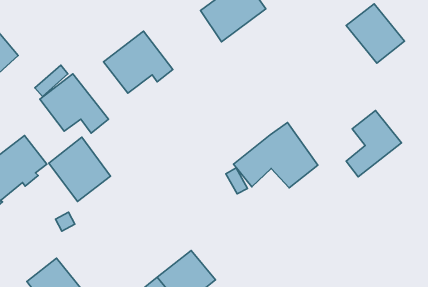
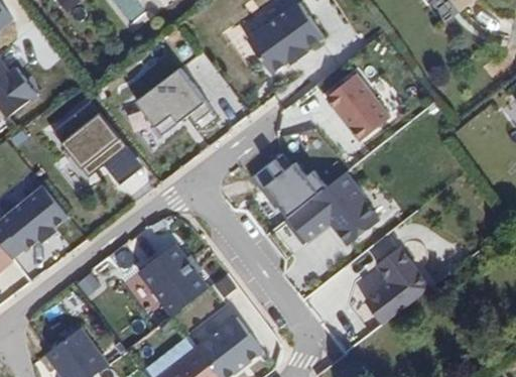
building: [346,4,404,63] -> [324,72,391,140]
building: [346,111,402,177] -> [365,243,429,320]
building: none -> [250,155,326,217]
building: [49,137,111,201] -> [136,241,208,316]

